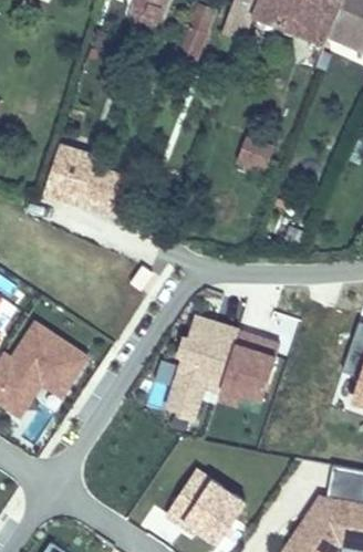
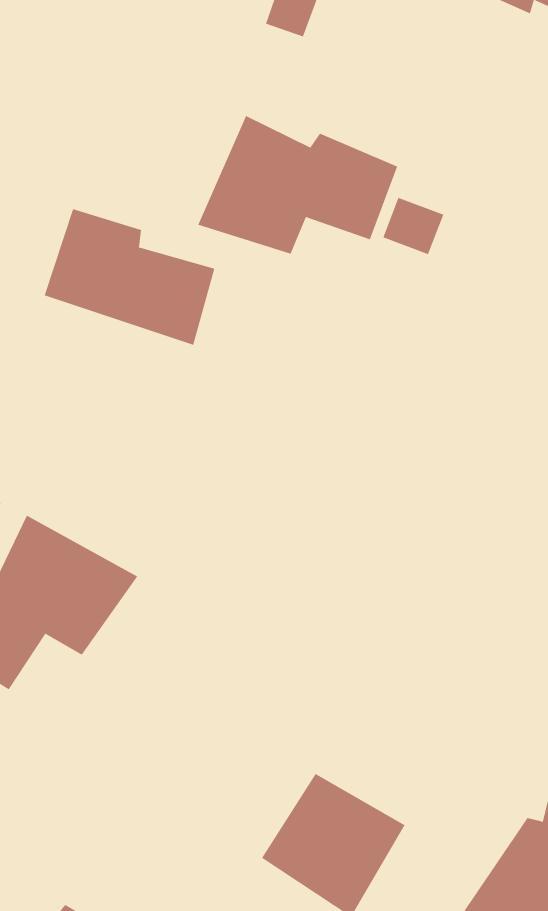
building: none -> [197,115,398,255]
building: [160,314,278,426] -> none

